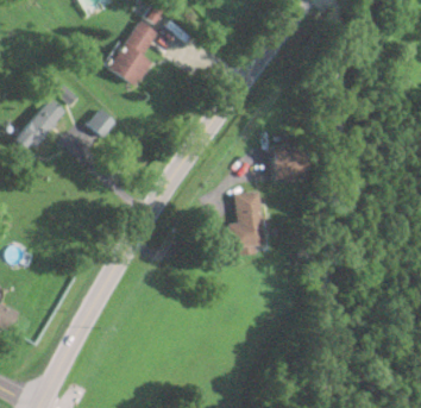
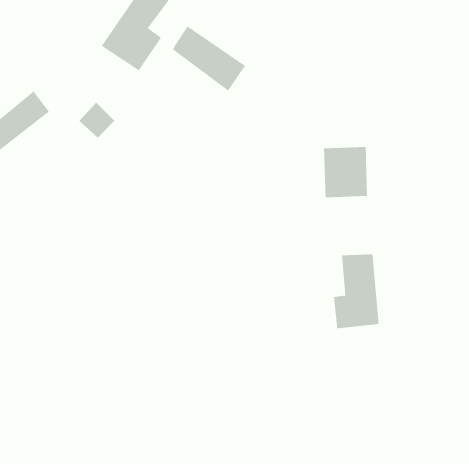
building: none -> [172,26,246,92]
building: [227,192,262,247] -> [333,254,380,329]

